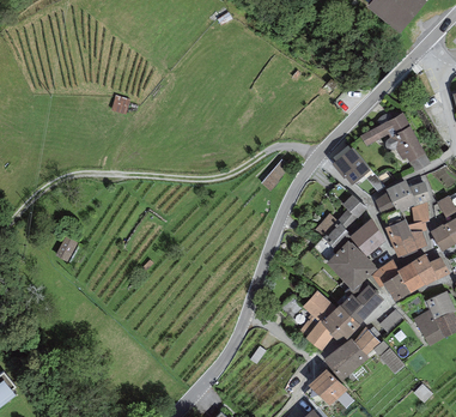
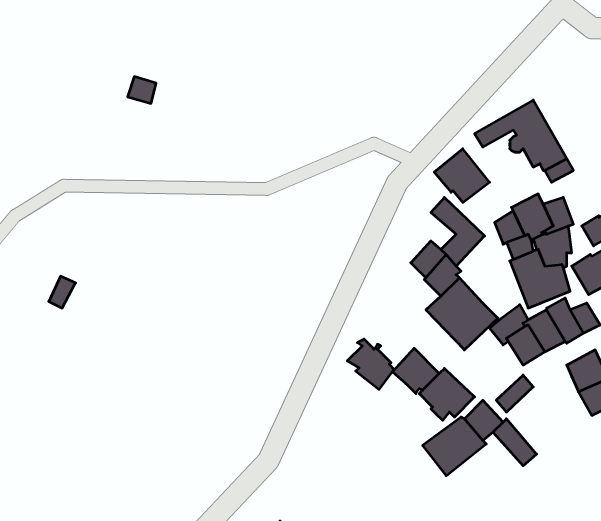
building: [347,217,385,256] -> none
building: [340,284,384,324] -> none
building: [413,309,444,345] -> none
building: [299,314,333,350] -> [347,339,394,389]
building: [308,368,347,405] -> none

